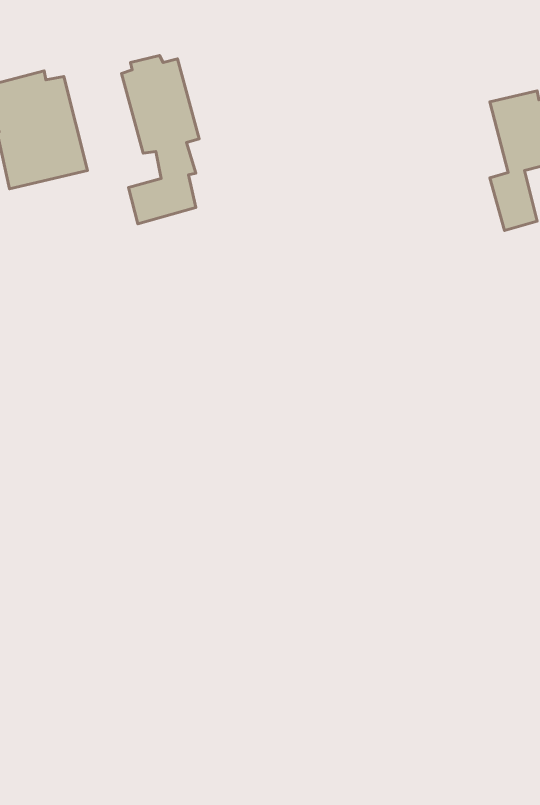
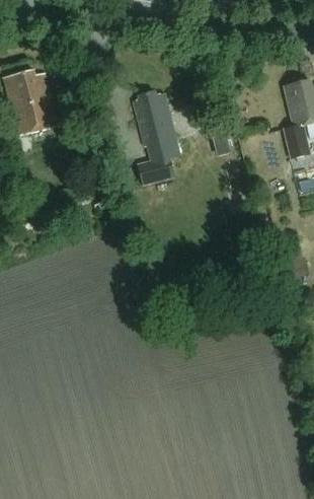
building: [121,55,199,224] -> [132,90,175,185]

